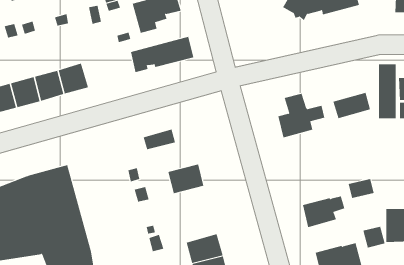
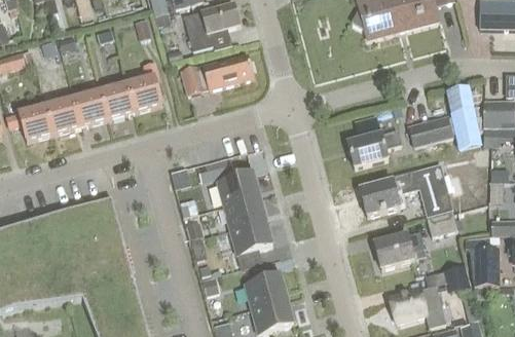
building: none -> [126,63,161,111]
building: none -> [360,165,452,216]
building: none -> [216,173,258,205]
building: none -> [229,221,271,254]

